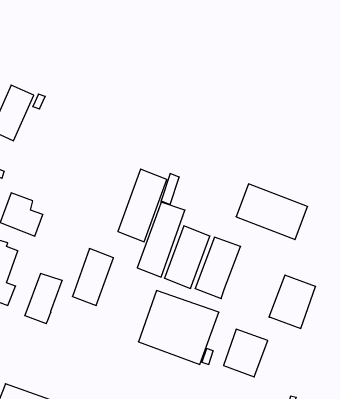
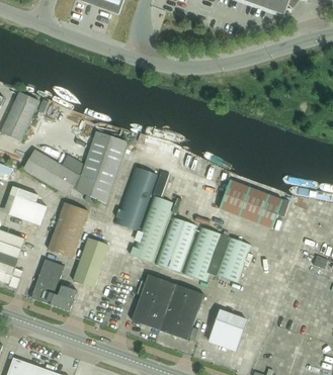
building: none -> [22,130,127,203]
building: none -> [48,201,87,257]
building: [269,275,316,328] -> [209,235,250,282]
building: none -> [50,284,77,310]

